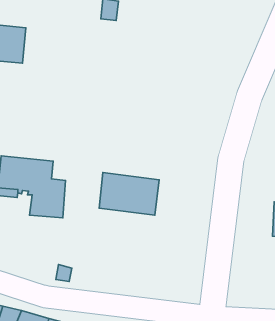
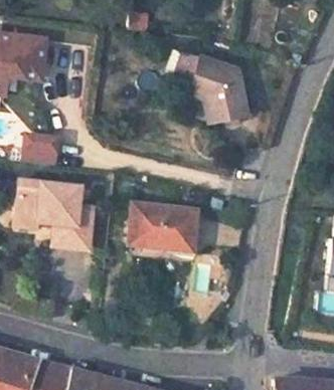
building: none -> [175,51,246,123]
building: none -> [24,136,57,165]

